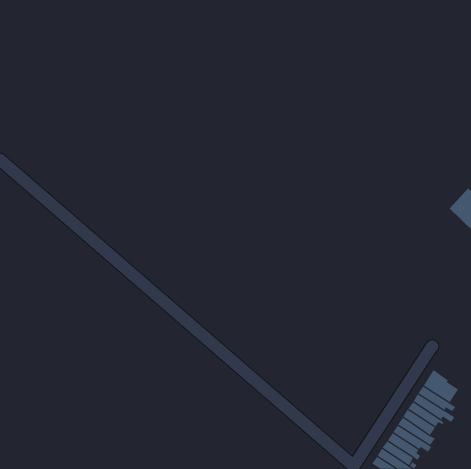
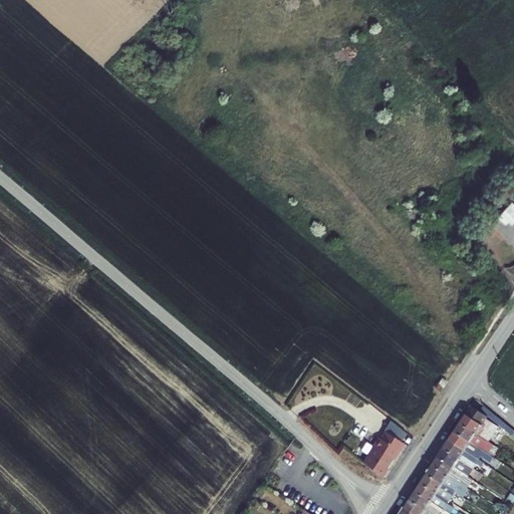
building: none -> [361,433,405,478]

